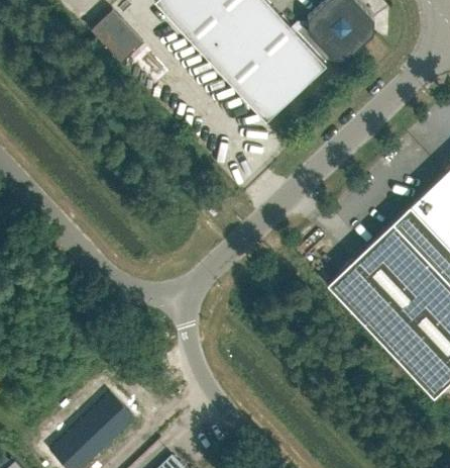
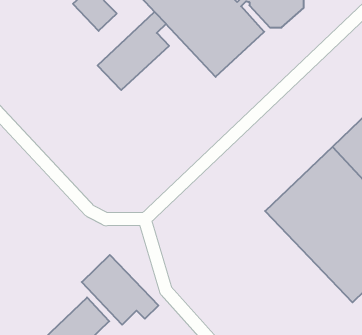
building: none -> [98,12,169,90]
building: none -> [82,255,158,325]

